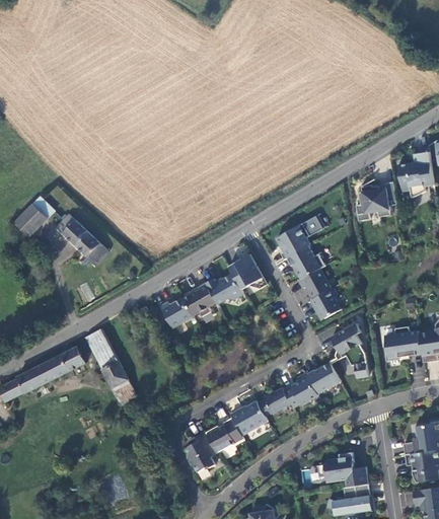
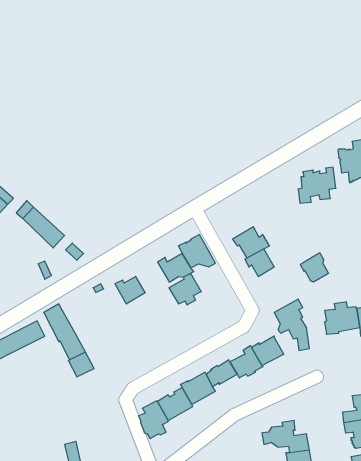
building: [276,223,310,260] -> none
building: [182,283,217,316] -> [169,274,201,305]
building: [310,288,341,318] -> [300,253,329,282]

